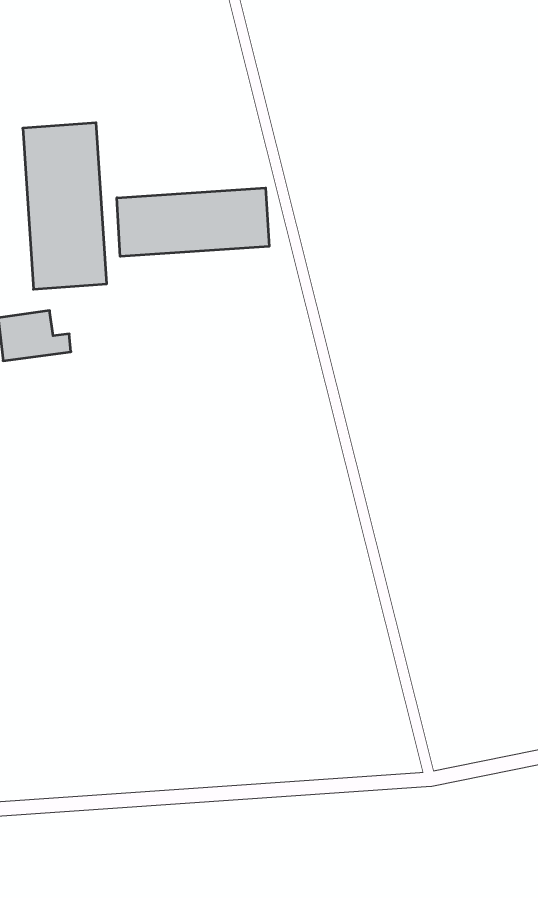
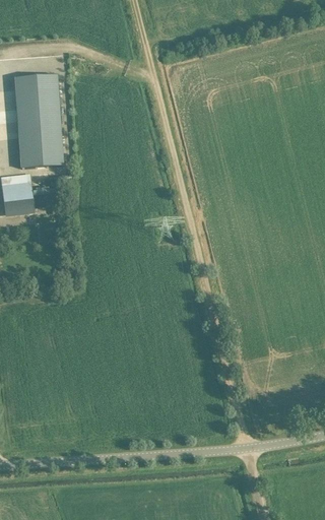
building: [117,188,269,256] -> none

